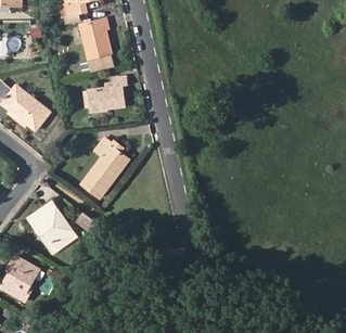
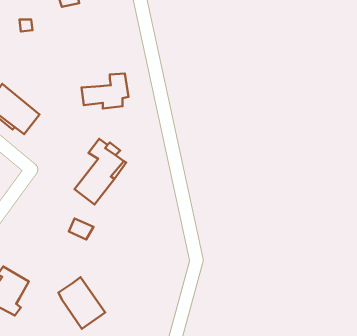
building: [80,18,114,71] -> none
building: [31,204,75,252] -> [58,277,105,329]

